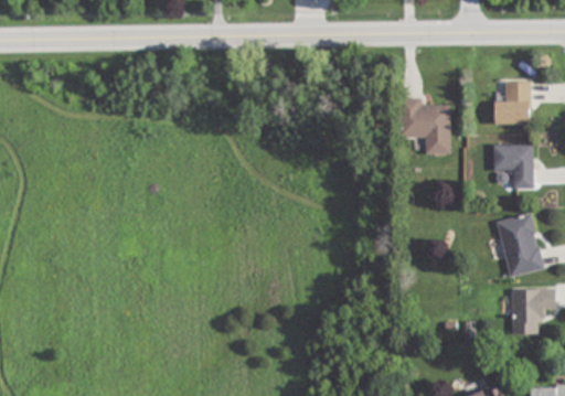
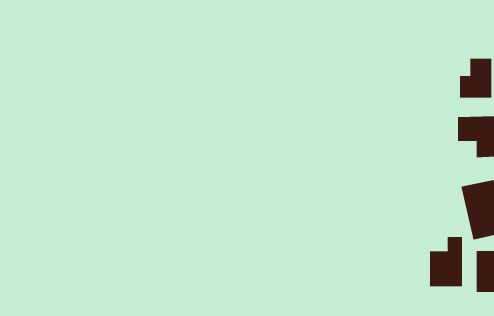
building: [402,97,450,153] -> none
building: none -> [429,236,463,287]

